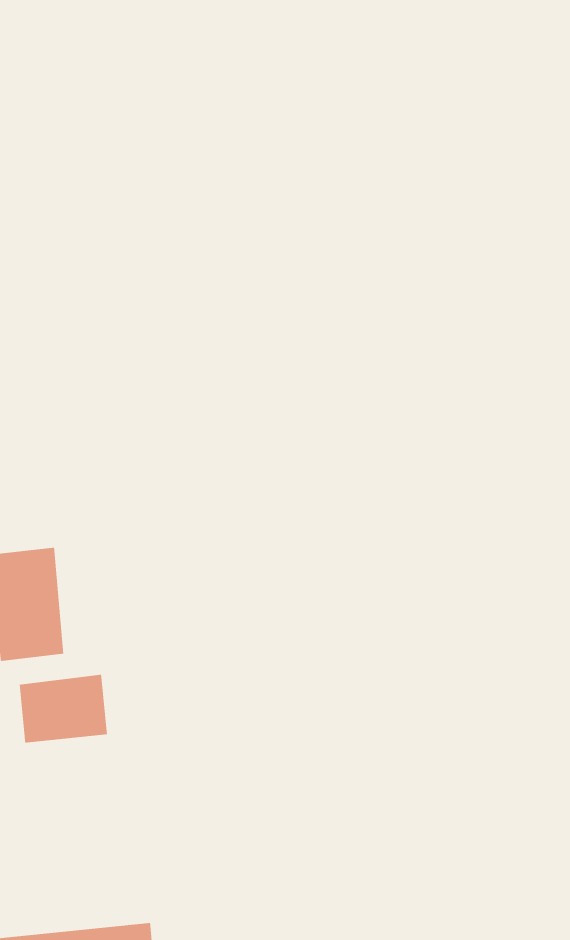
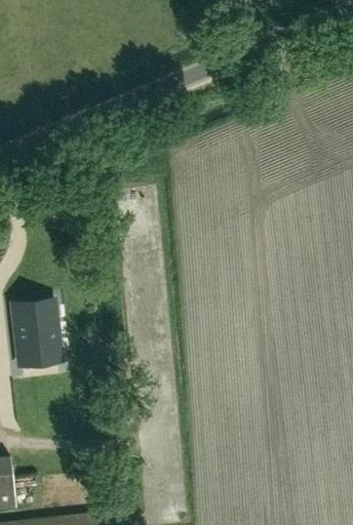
building: [19,674,108,744] -> none

